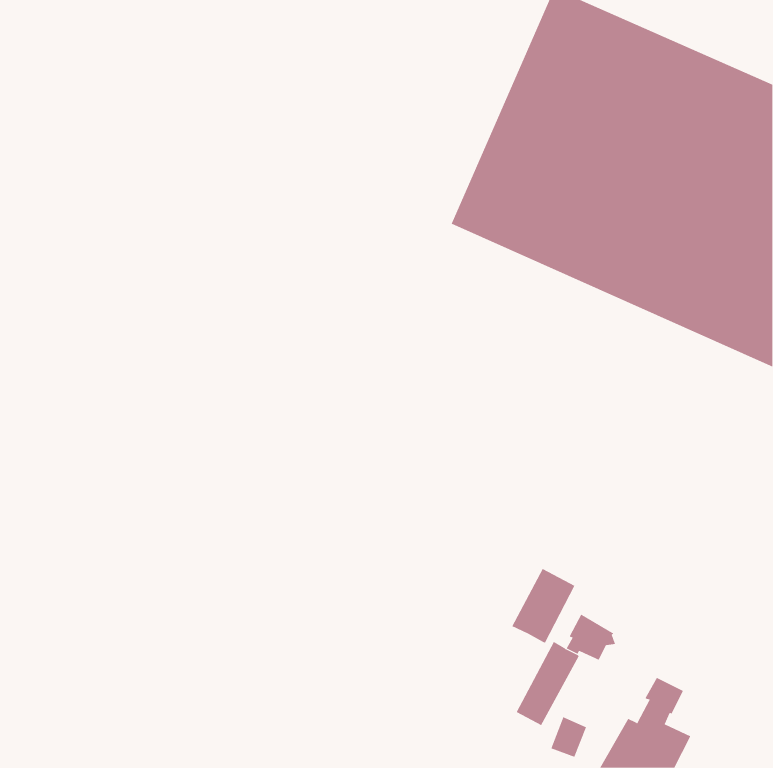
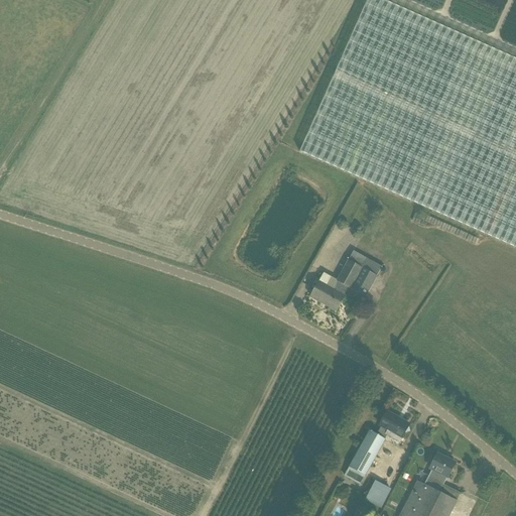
building: none -> [310,249,382,308]
building: [511,568,575,643] -> none

